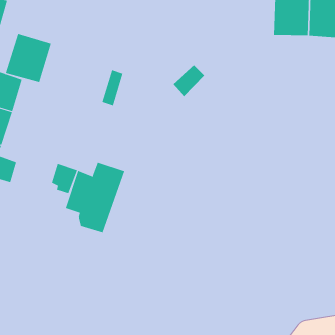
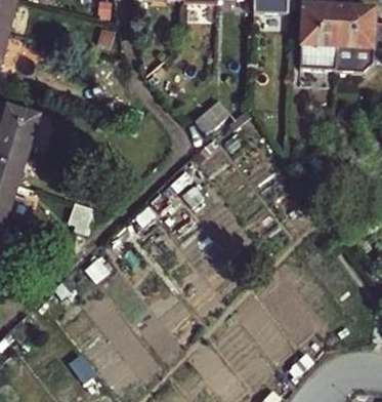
building: [5,33,51,83] -> none
building: [65,162,125,233] -> none

